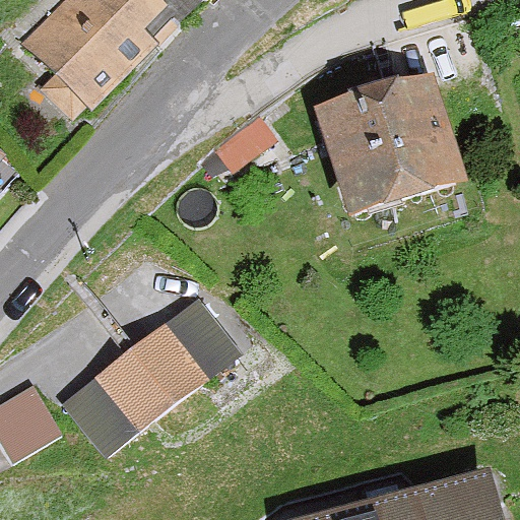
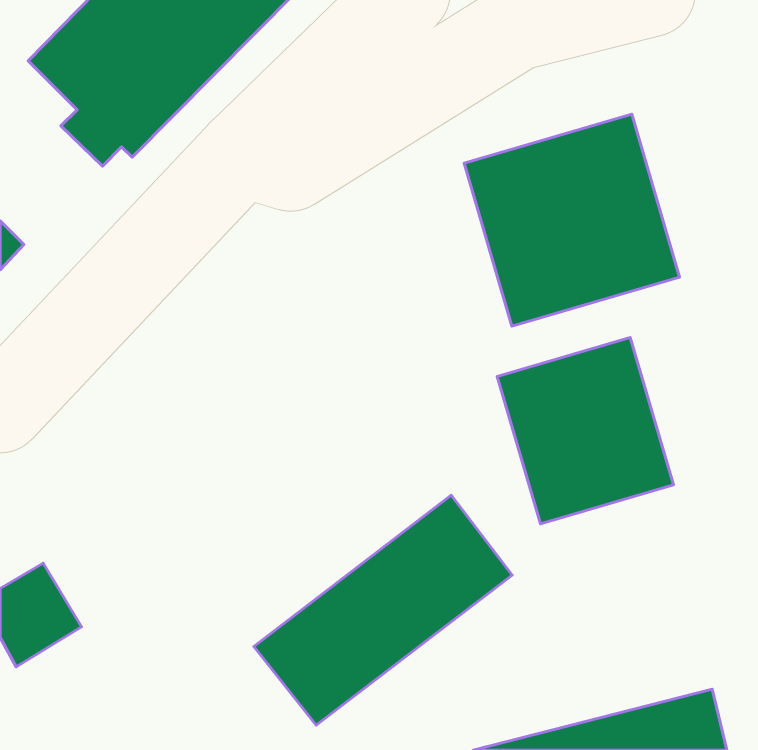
building: none -> [497,338,673,524]
building: [64,299,241,456] -> [254,495,512,725]

